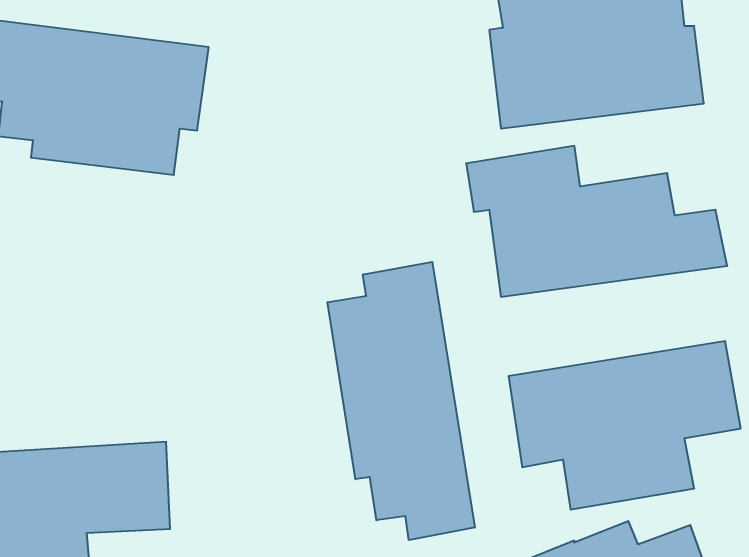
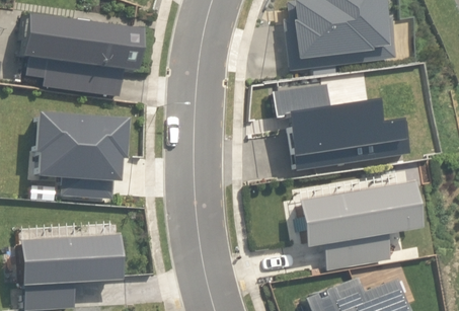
building: none -> [37,108,131,195]
building: [328,262,475,540] -> none

